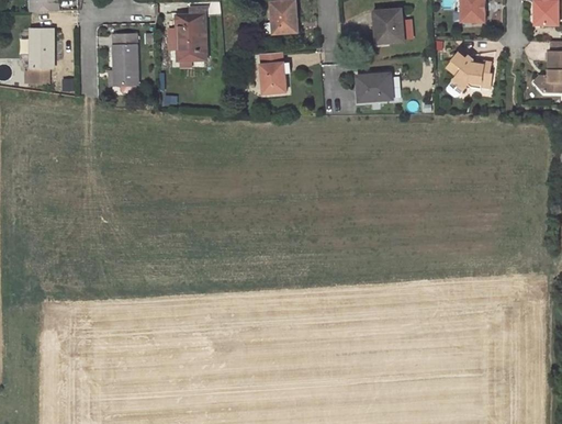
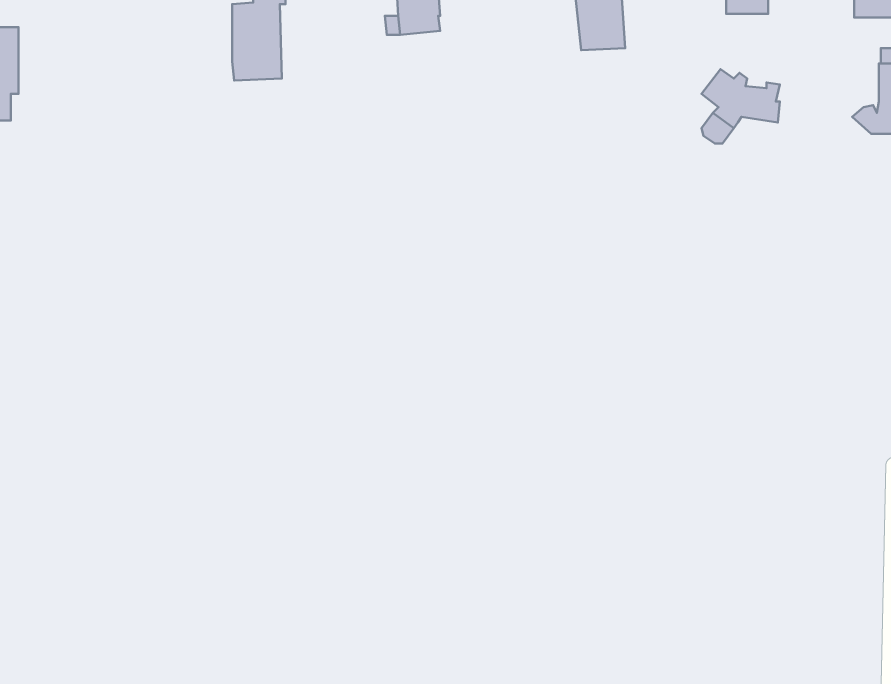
building: [114,34,138,85] -> none
building: [259,53,284,93] -> none
building: [357,75,392,101] -> none

